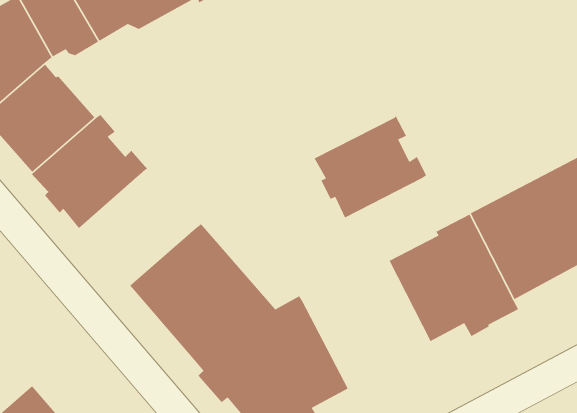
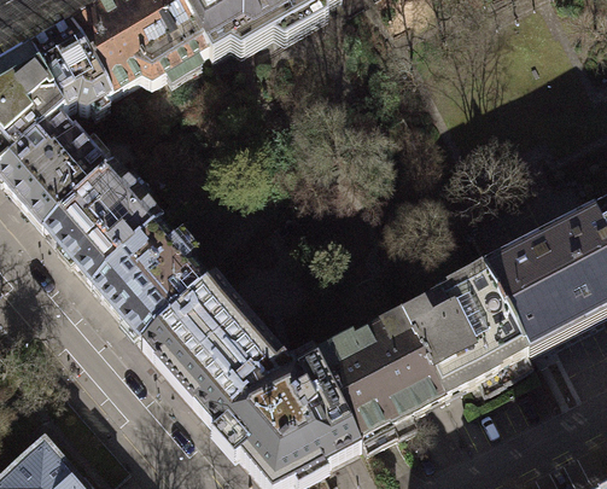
building: [314,115,427,219] -> none
building: none -> [88,219,205,334]
building: none -> [314,309,442,444]

